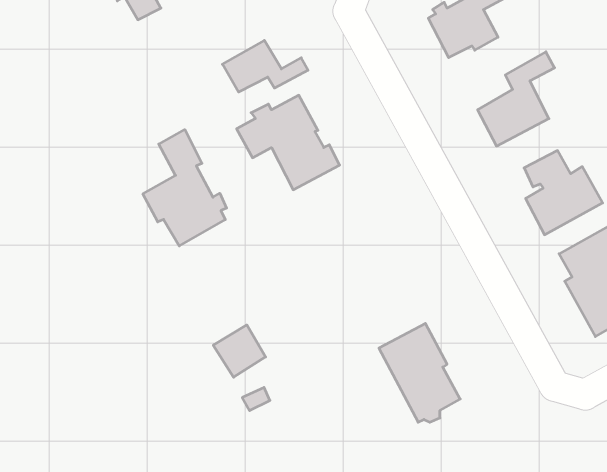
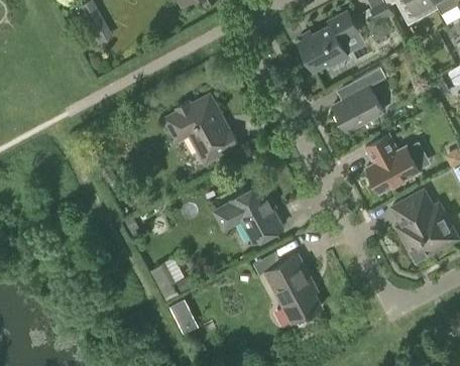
building: [222,40,308,92] -> none
building: [143,130,227,246] -> none
building: none -> [212,186,281,243]

